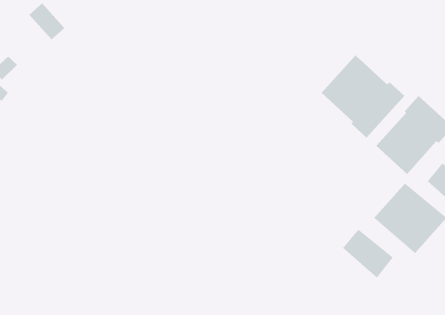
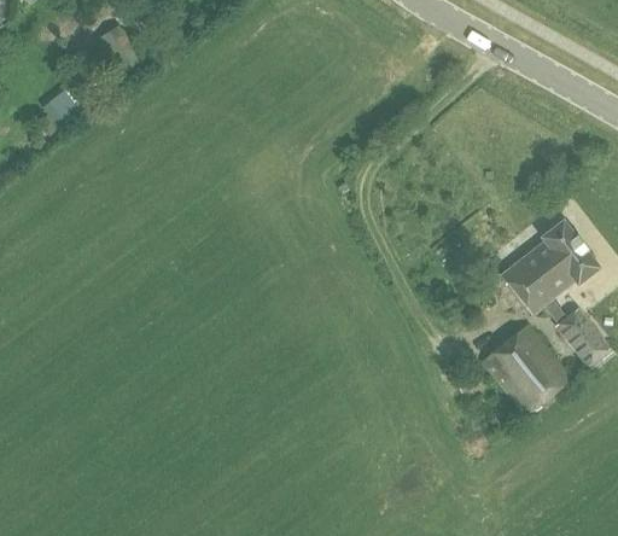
building: [321,55,405,138] -> none
building: [342,229,393,278] -> none

